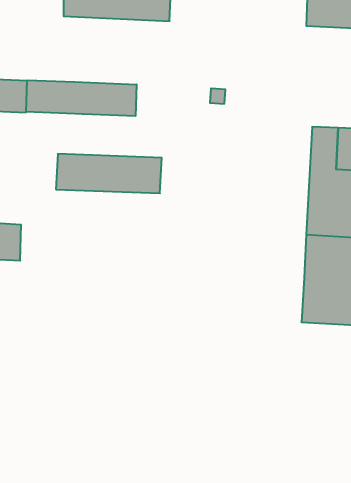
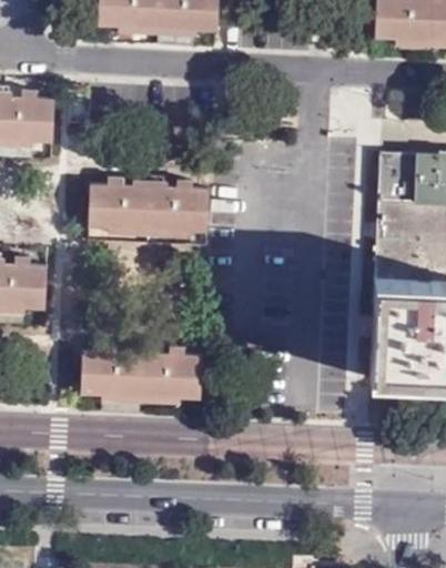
building: [26,80,137,116] -> none
building: none -> [81,352,202,398]

